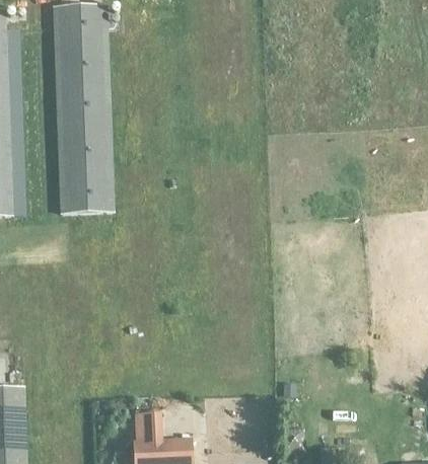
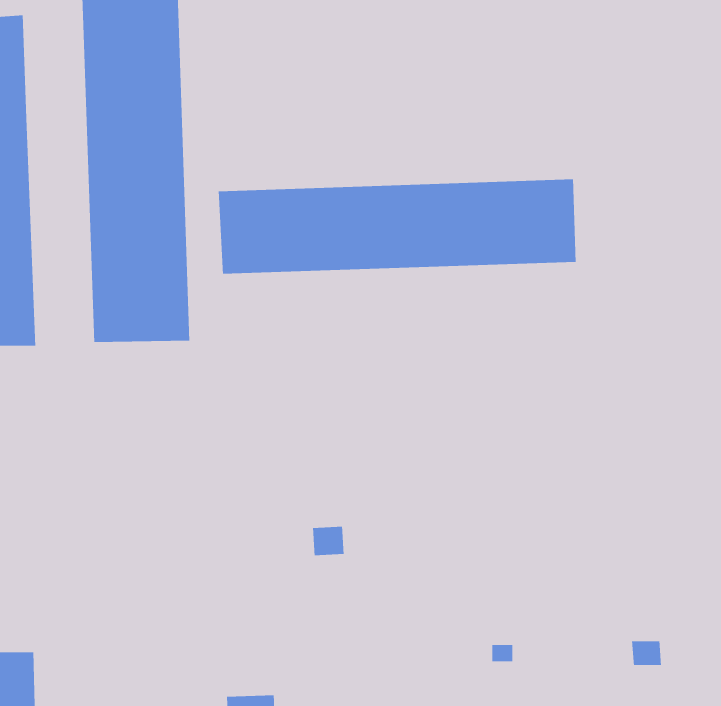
building: none -> [218,179,576,274]

